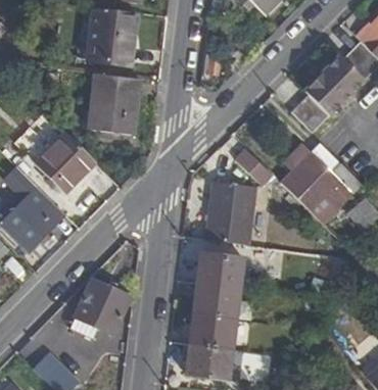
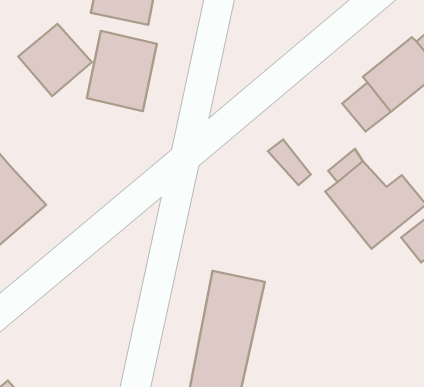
building: [36,134,94,191] -> [18,24,92,96]
building: [204,180,252,245] -> none
building: [75,279,129,333] -> none

